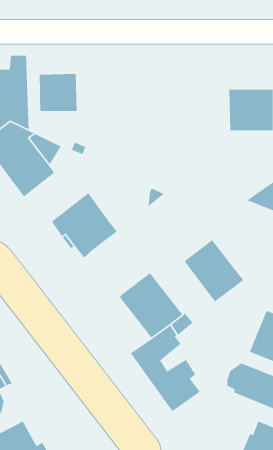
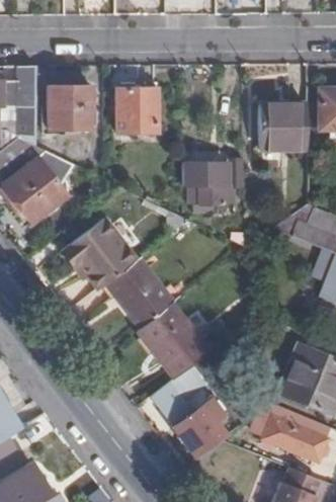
building: none -> [117,88,156,132]
building: none -> [187,159,246,213]
building: [184,239,244,303] -> [106,258,173,328]

